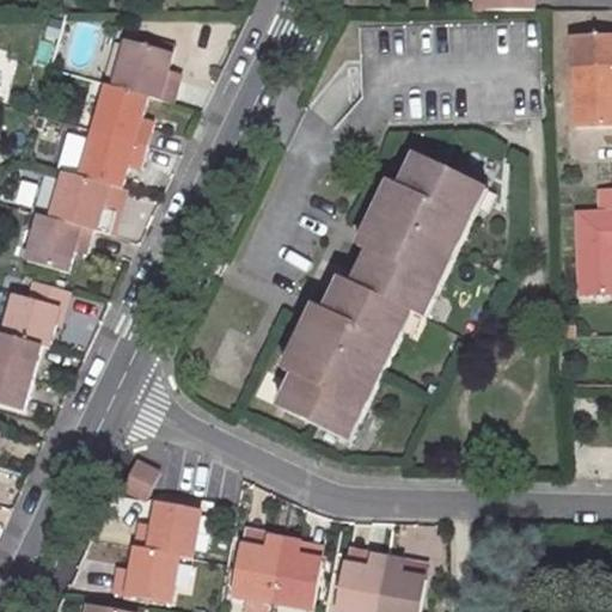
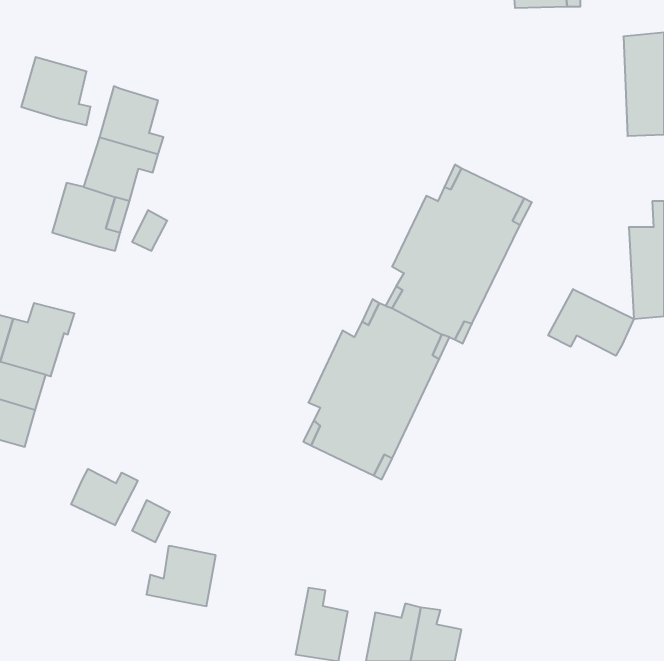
building: [110,36,173,98] -> [21,57,91,125]
building: [24,210,91,268] -> none
building: none -> [548,289,634,356]
building: none -> [71,469,138,525]
building: [233,536,282,599] -> none
building: [112,544,176,599] -> none

